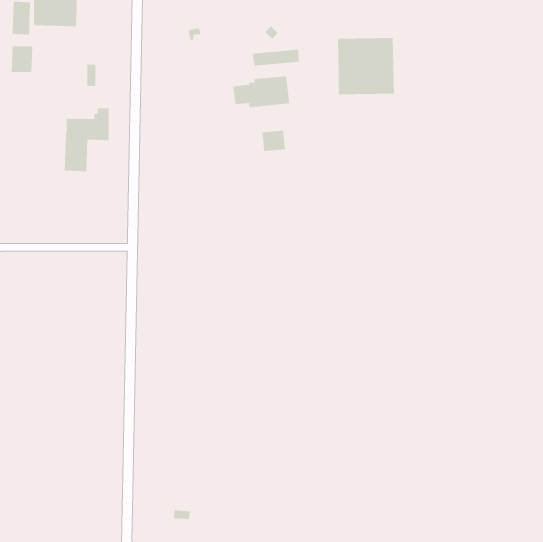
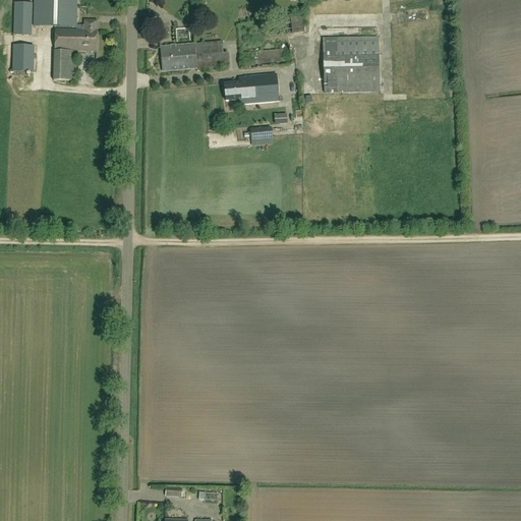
building: none -> [161,40,231,69]
building: [64,108,110,172] -> [53,18,97,79]

